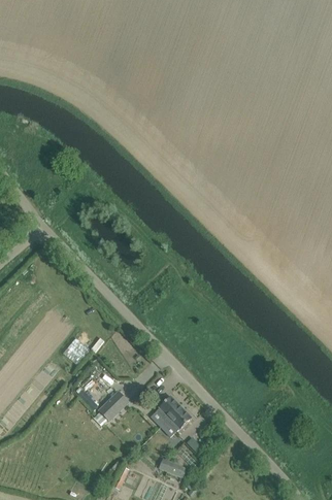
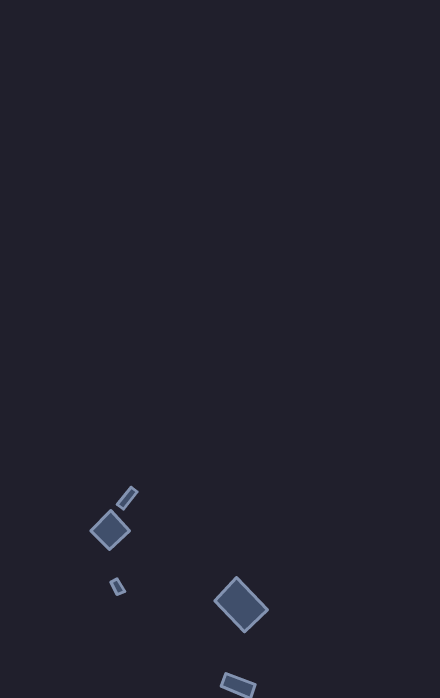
building: [98,392,128,421] -> none

